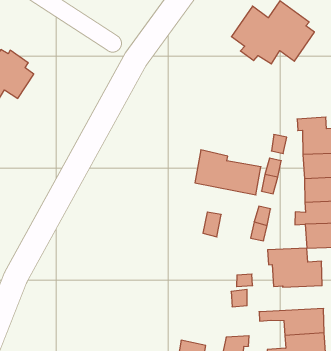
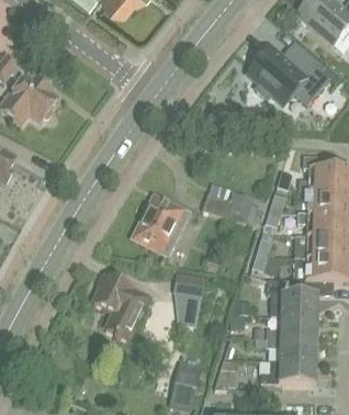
building: none -> [135,199,187,253]
building: none -> [172,271,204,328]
building: none -> [92,274,149,340]
building: none -> [256,315,316,338]

